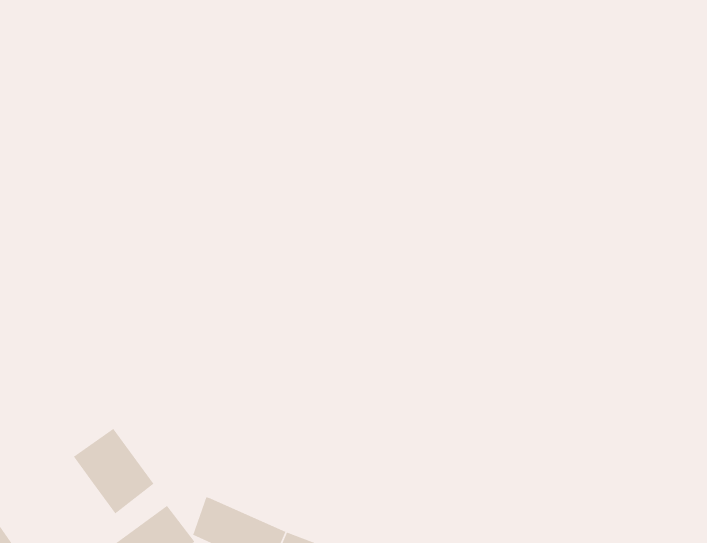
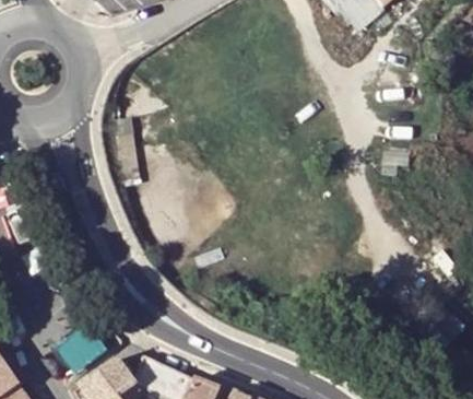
building: [73,428,155,514] -> none

